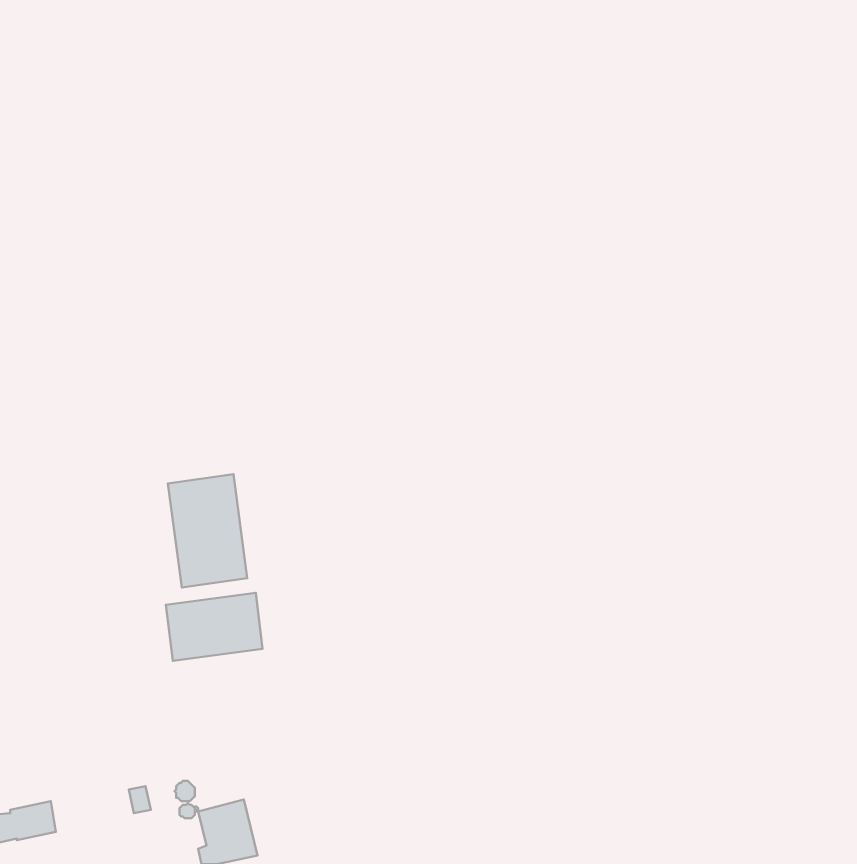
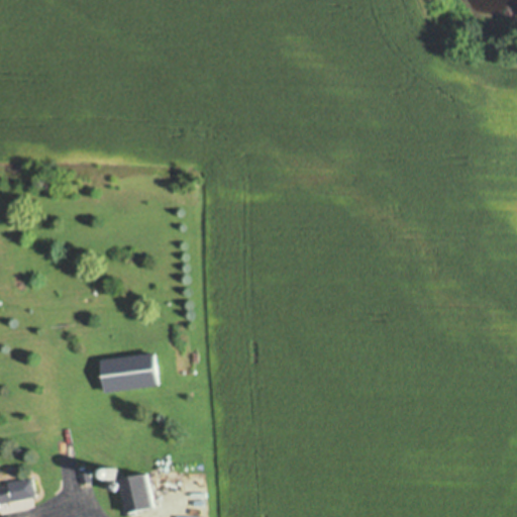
building: [168,474,247,587] -> none

